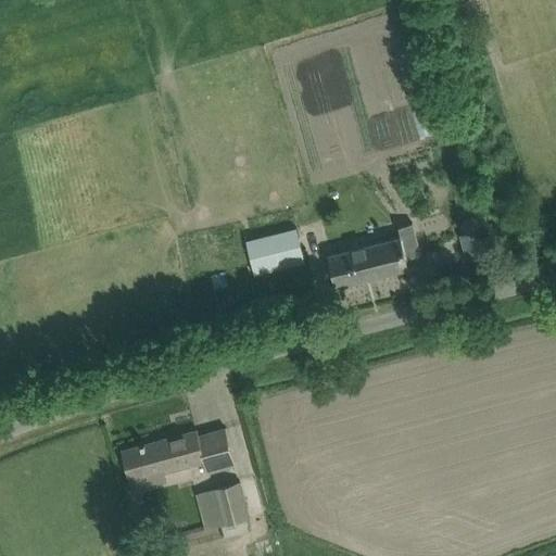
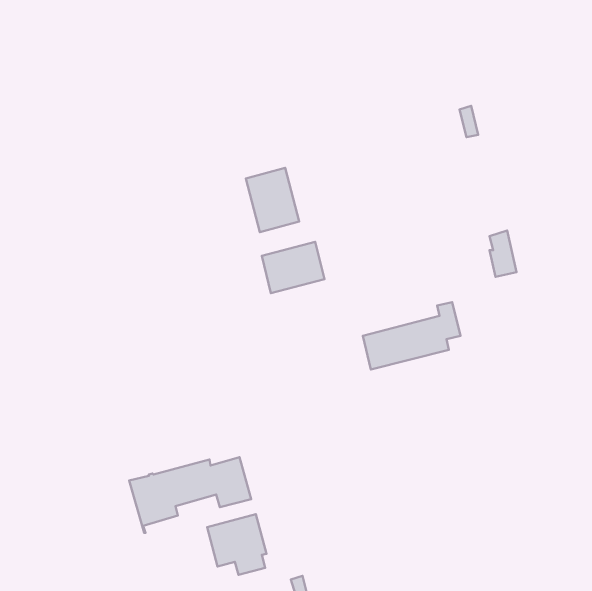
building: none -> [246,168,299,232]
building: [327,226,418,289] -> [363,302,460,369]

